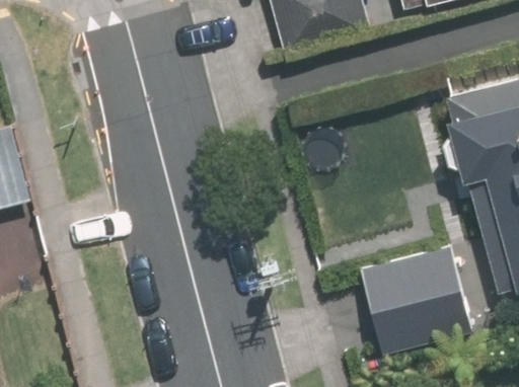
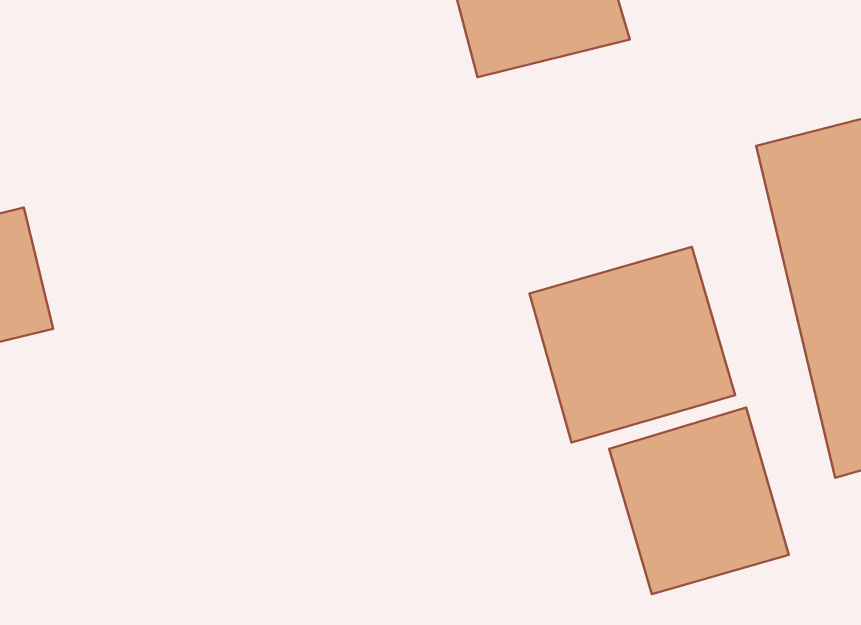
building: none -> [530,247,735,443]

